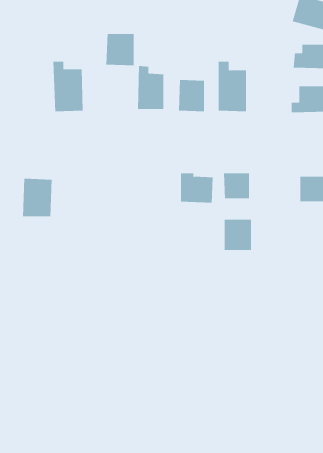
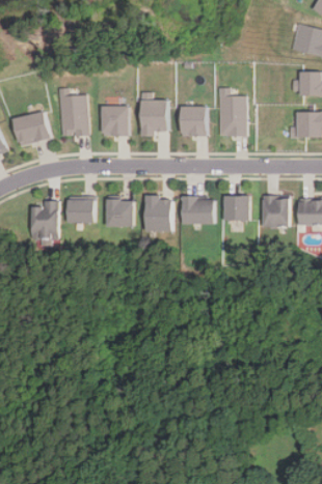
building: [106,34,135,66] -> [101,106,129,137]
building: none -> [12,112,50,146]
building: none -> [145,195,171,232]
building: none -> [66,196,95,223]
building: none -> [106,196,134,227]
building: [224,219,252,250] -> [261,195,288,225]

